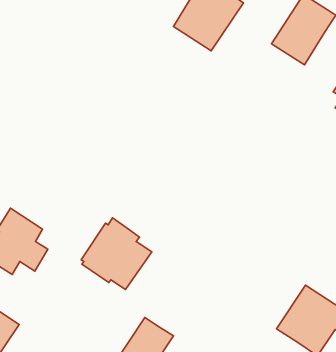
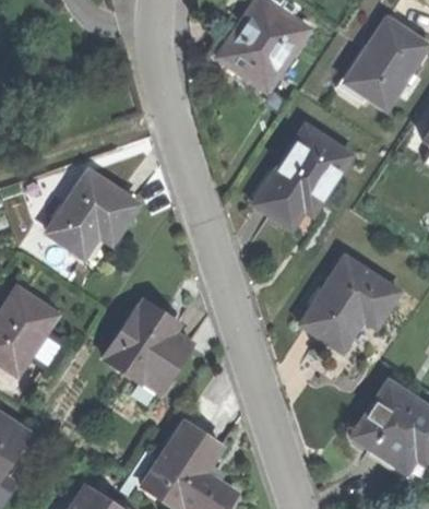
building: none -> [253,125,349,226]
building: none -> [48,170,140,256]
building: none -> [301,256,398,350]

